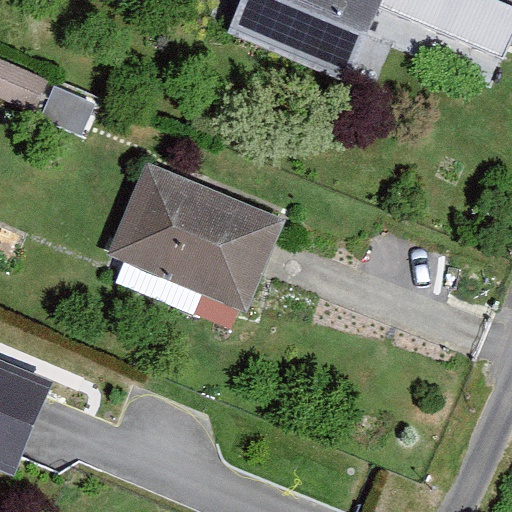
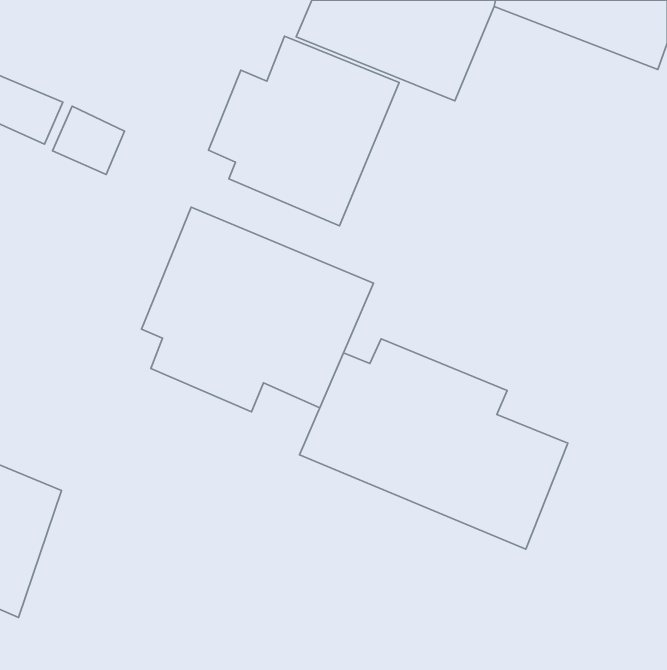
building: none -> [208,36,399,226]
building: none -> [300,339,568,549]

